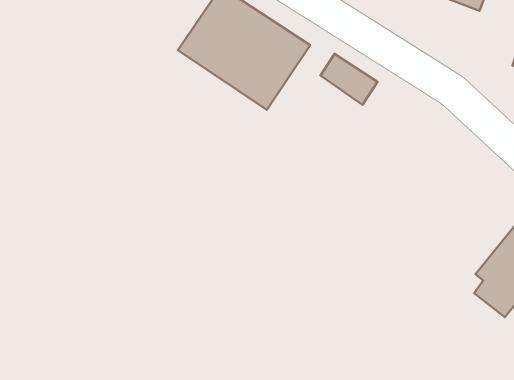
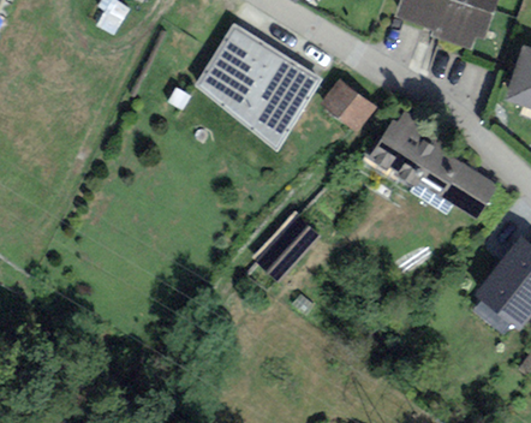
building: none -> [376,124,501,221]
building: none -> [259,221,318,281]

